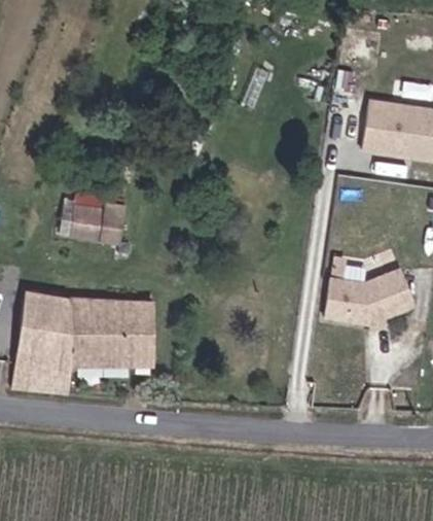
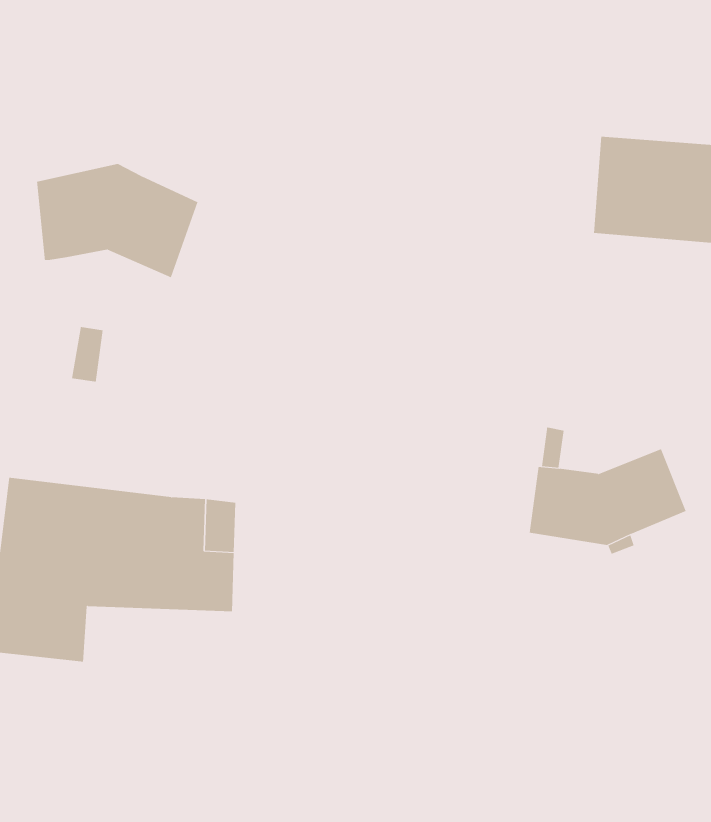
building: none -> [37,163,198,278]
building: [76,205,111,239] -> none

